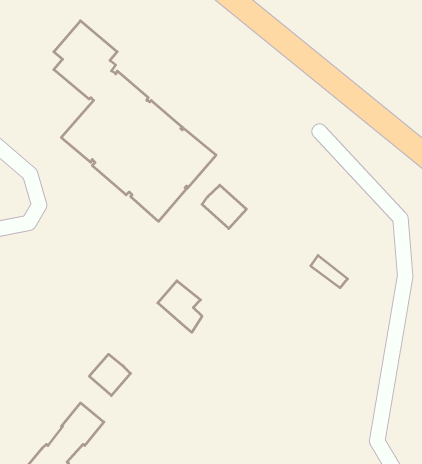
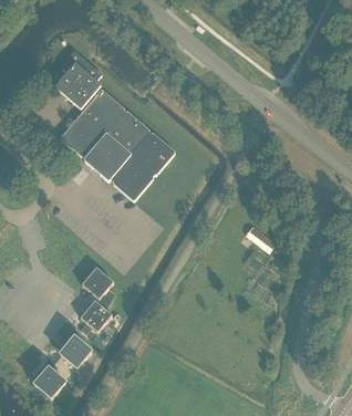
building: [202,185,246,229] -> none
building: [158,281,202,332] -> [81,267,114,305]

